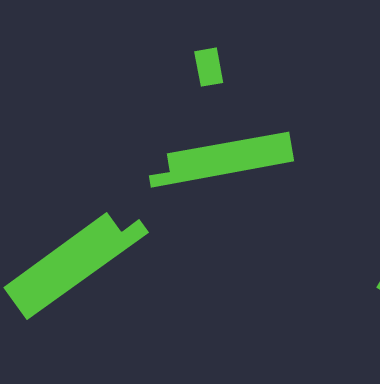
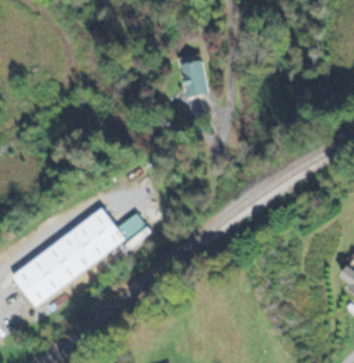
building: [148,131,295,188] -> none

